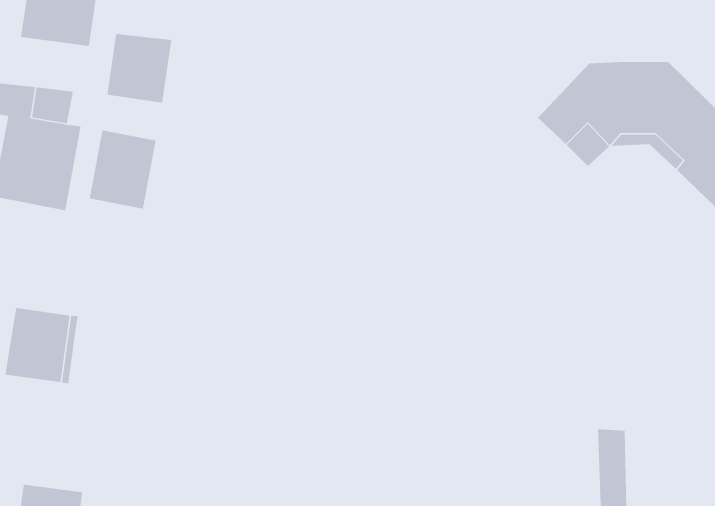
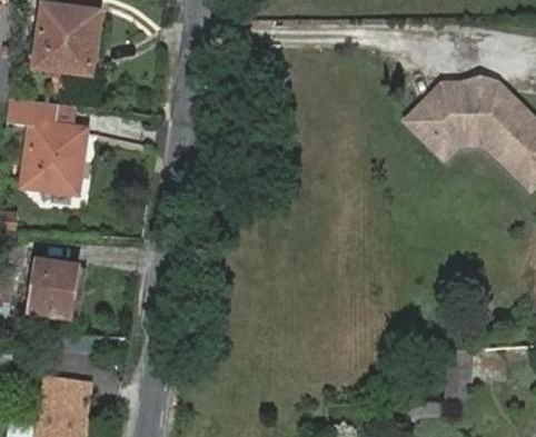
building: [107,33,172,103] -> none
building: [89,130,156,210] -> none

